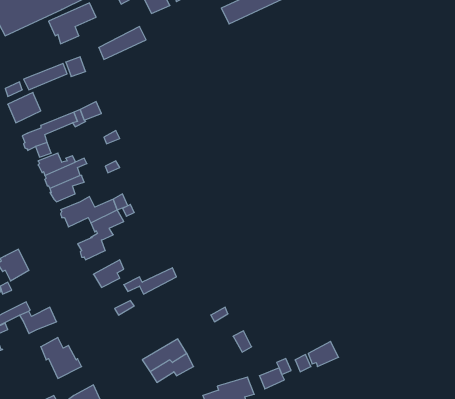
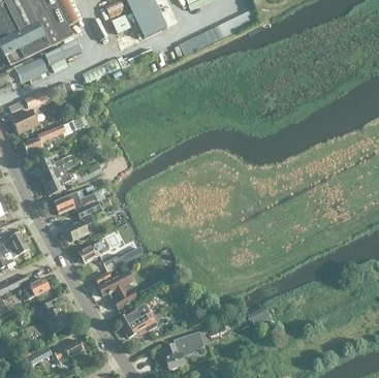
building: none -> [13,57,48,83]
building: none -> [98,271,136,308]

